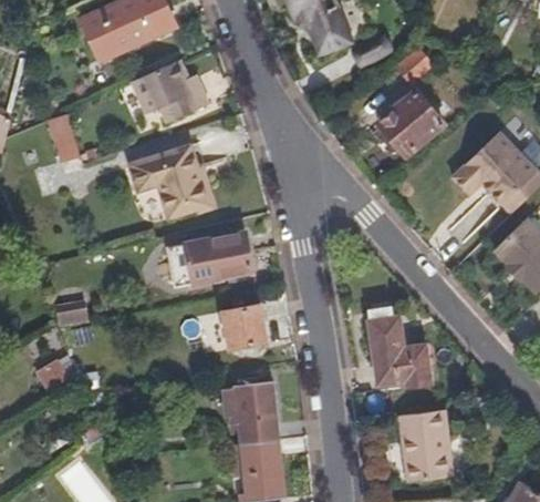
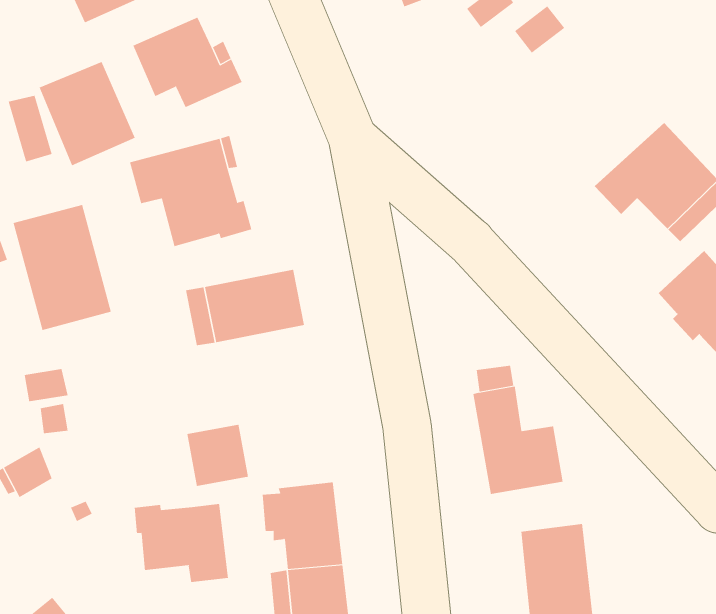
building: none -> [39,61,136,166]
building: [377,90,443,155] -> none
building: none -> [13,204,112,331]
building: [221,304,264,347] -> [187,424,249,486]
building: none -> [134,503,229,583]

